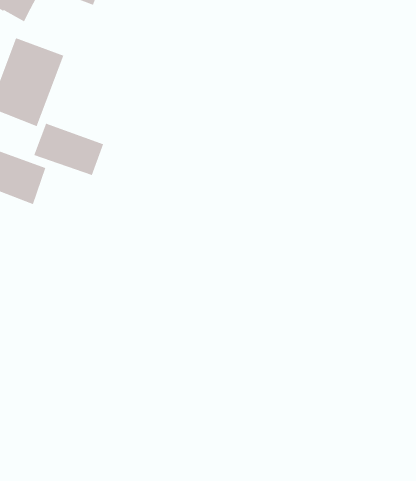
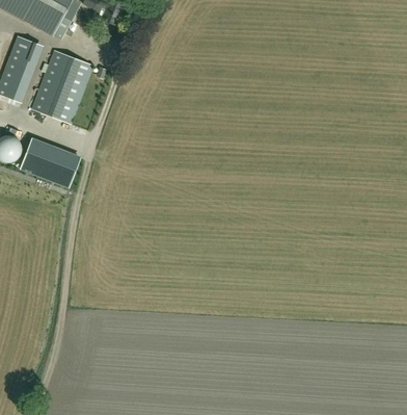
building: [33,123,104,176] -> none

